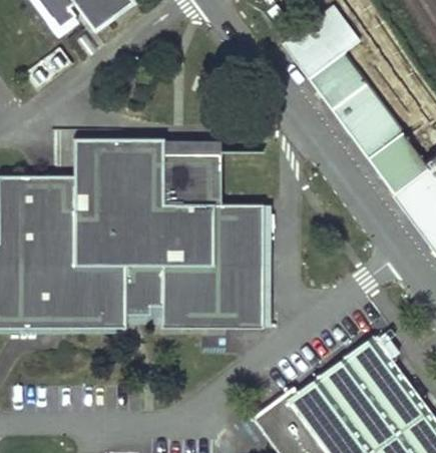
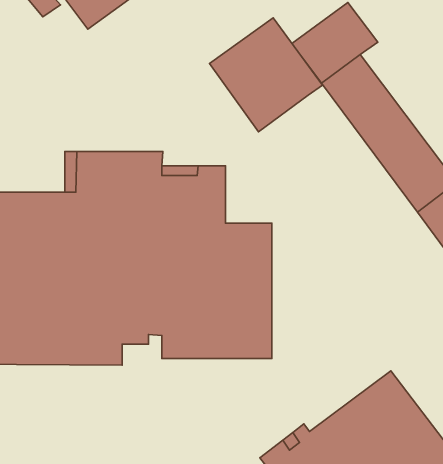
building: none -> [210,18,323,132]

